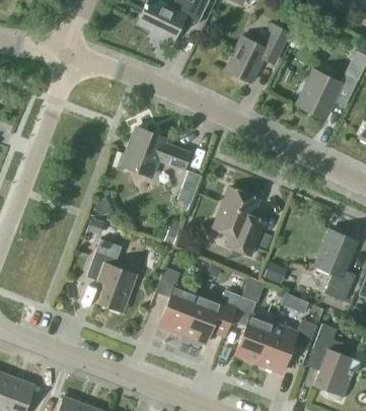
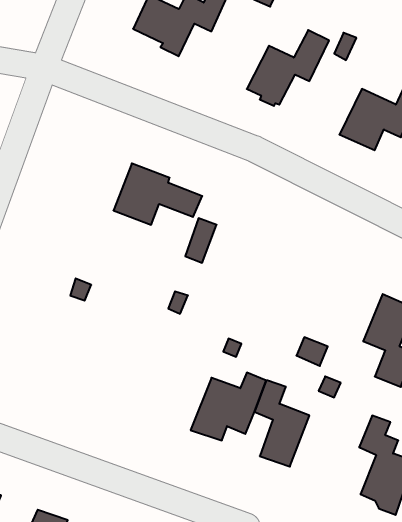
building: [213,188,266,256] -> none
building: [86,238,136,312] -> none
building: [155,267,198,335] -> none
building: [259,320,316,372] -> none

